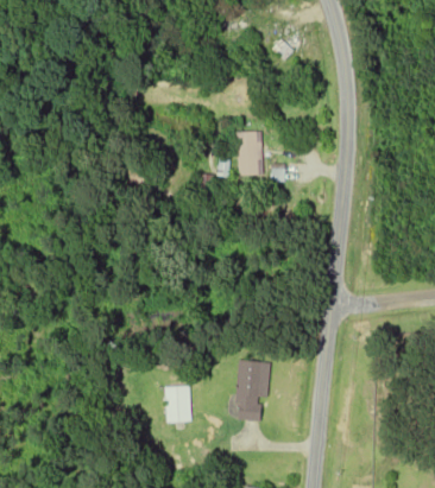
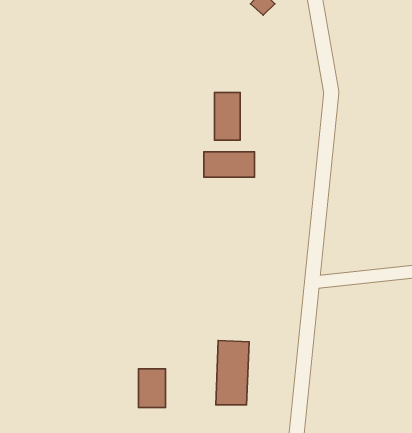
building: none -> [204,152,255,177]

